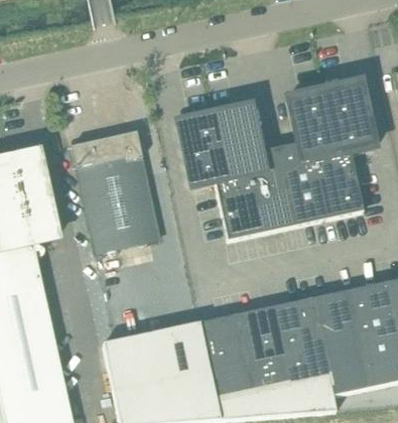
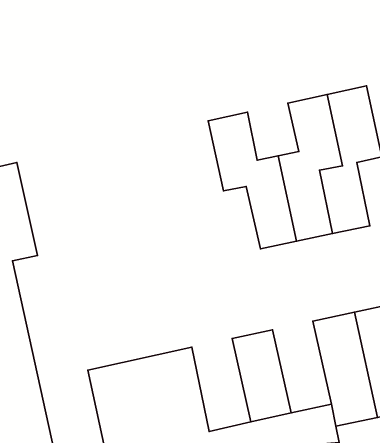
building: [178,114,263,240] -> none
building: [73,131,161,252] -> none
building: [274,298,328,383] -> none
building: [200,314,254,400] -> none

